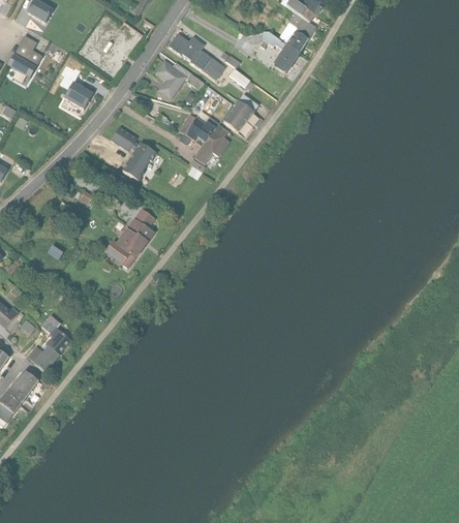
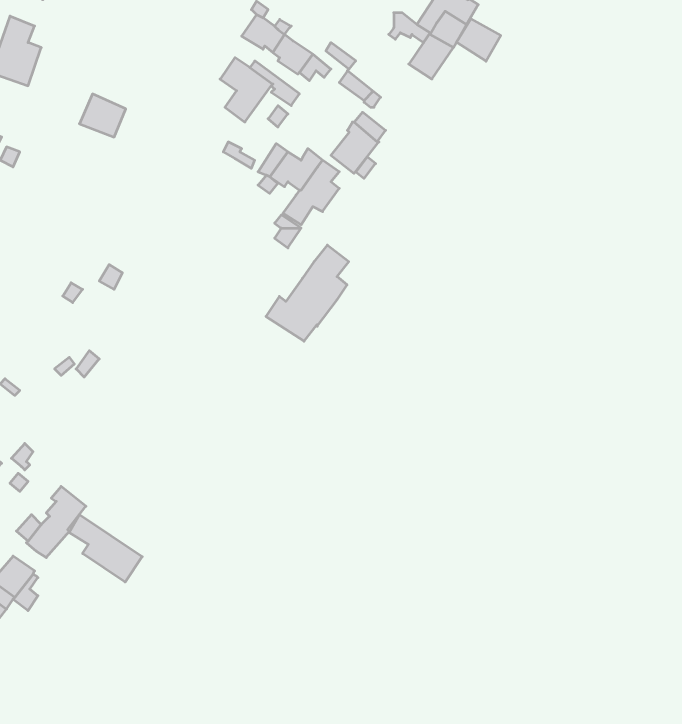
building: none -> [456,19,501,61]
building: [111,125,156,180] -> none
building: [103,207,155,267] -> [266,245,349,341]
building: none -> [69,515,142,582]

